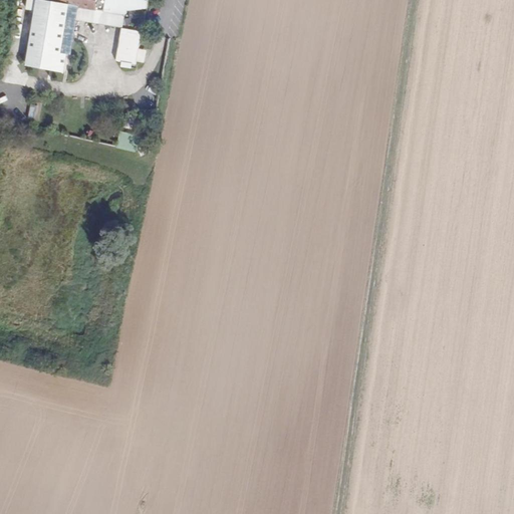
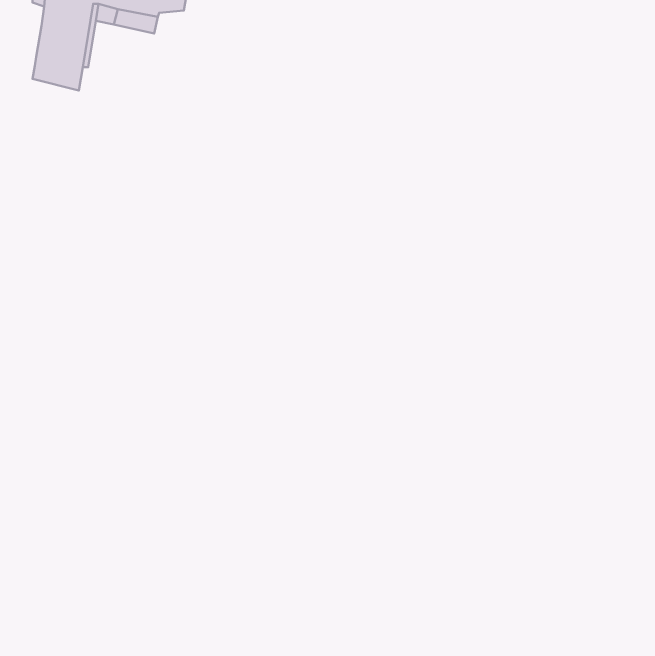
building: [115,22,141,51] -> none

